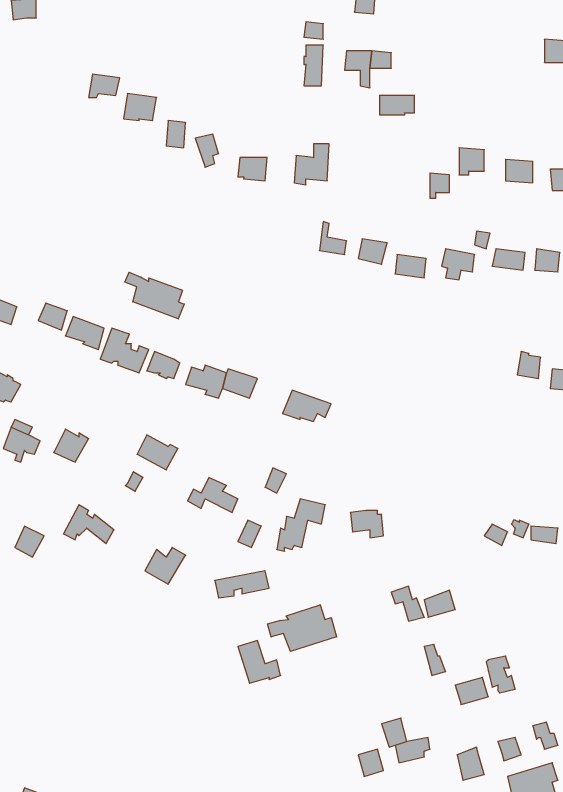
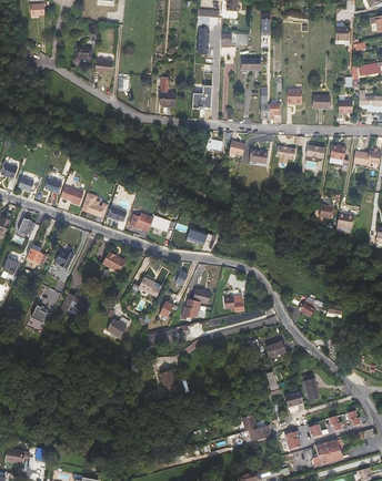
building: [125,272,184,319] -> none
building: [267,605,337,651] -> none

